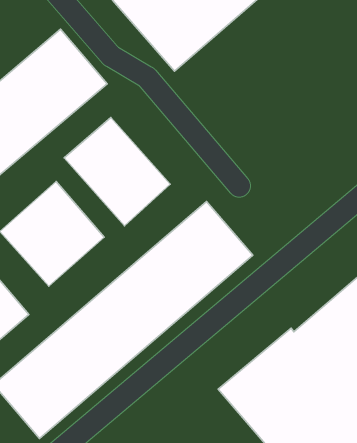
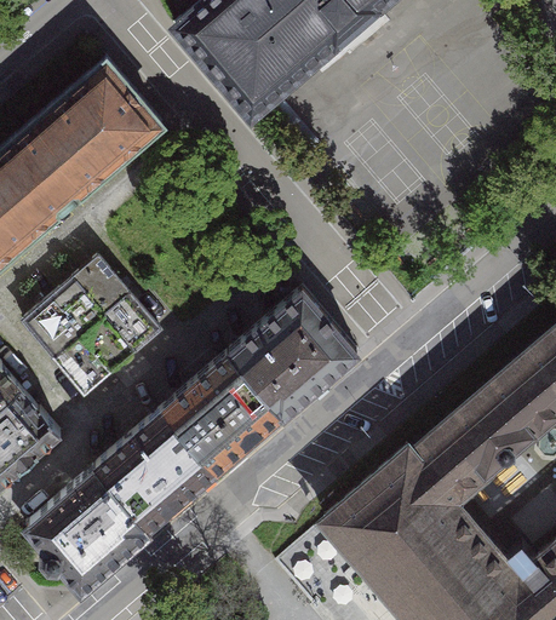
building: [64,117,170,226] -> none

